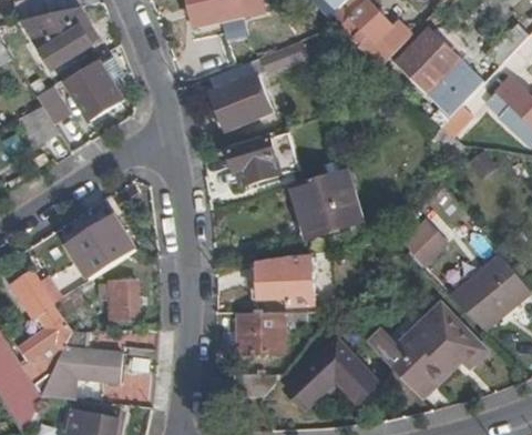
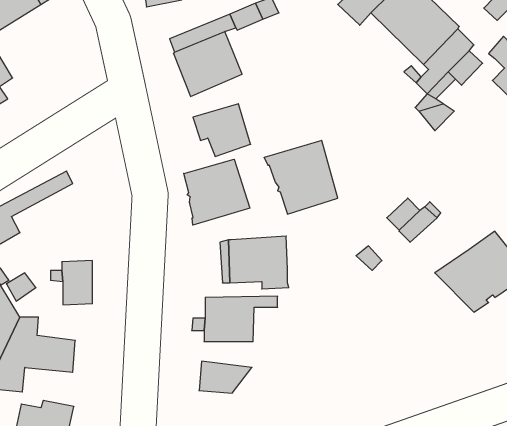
building: [70,64,124,120] -> none
building: none -> [184,159,250,225]
building: [72,215,139,277] -> none
building: [372,304,488,398] -> none
building: [284,342,376,407] -> none

